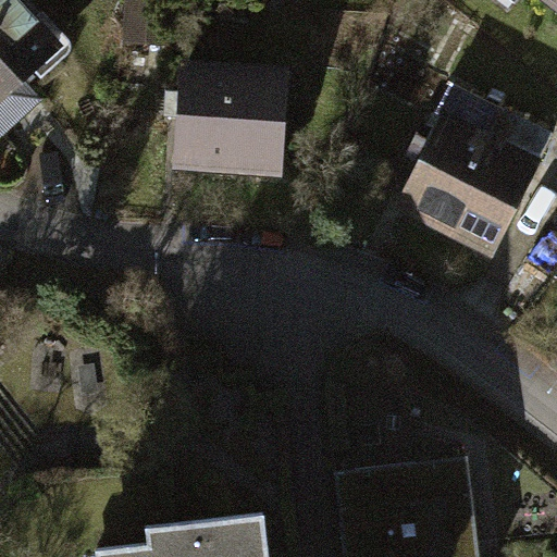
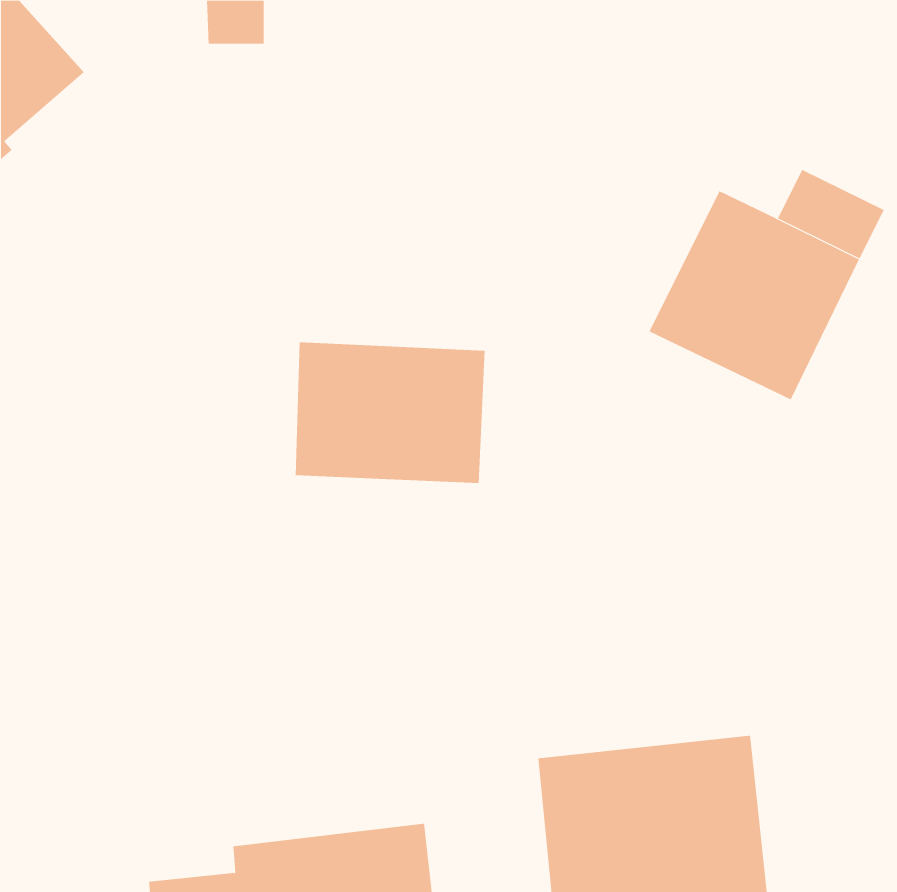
building: [168,70,284,174] -> none
building: none -> [295,341,485,484]

